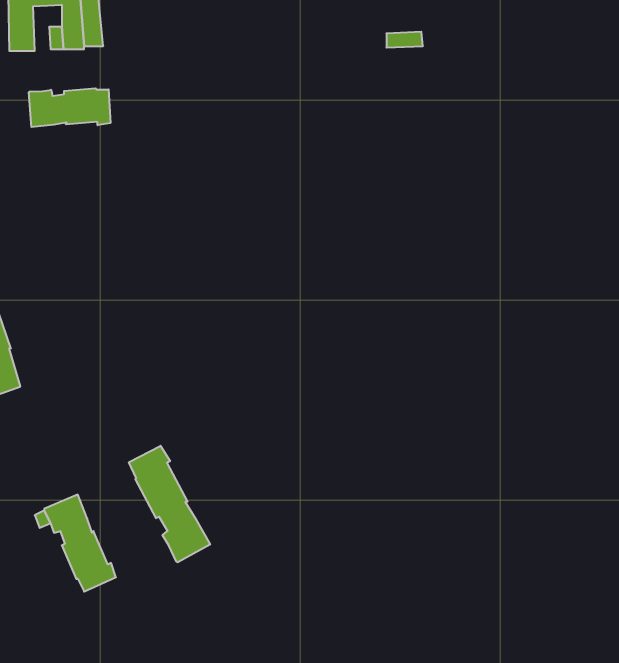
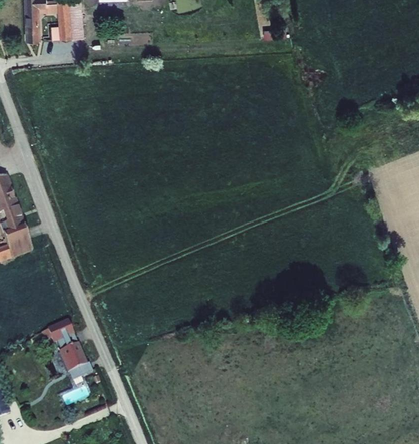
building: [29,88,110,127] -> none
building: [129,446,210,562] -> none

